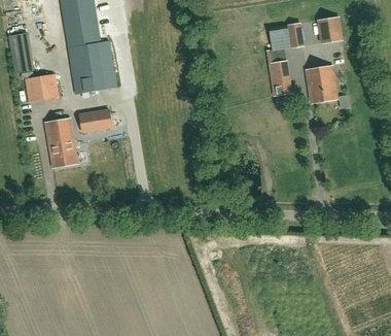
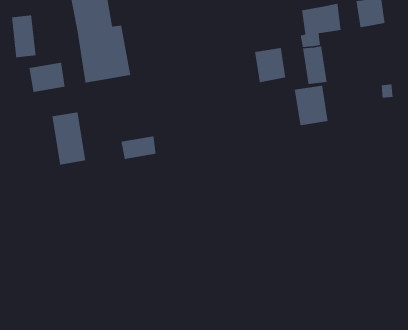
building: none -> [254,47,286,83]
building: [307,66,337,103] -> [294,85,329,126]
building: [79,110,111,132] -> [121,136,156,160]

